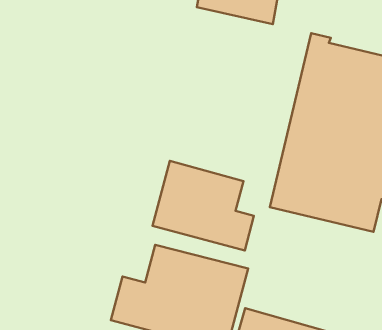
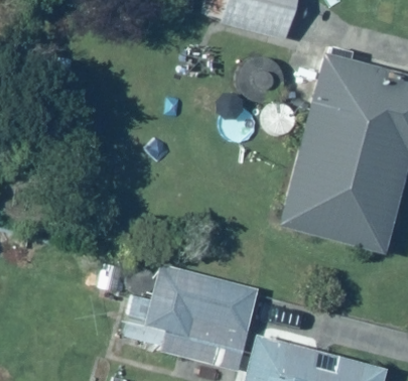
building: [153,161,254,250] -> none

